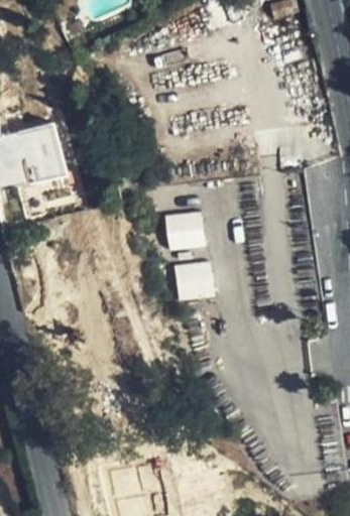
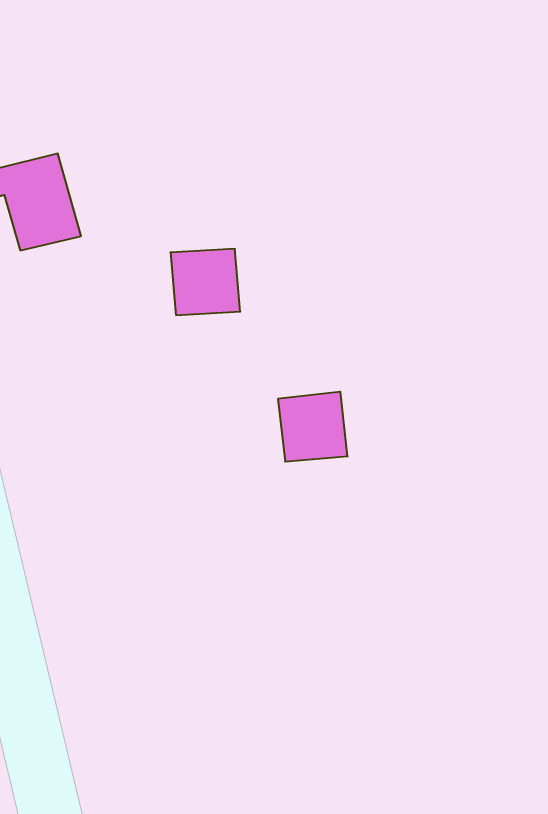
building: [164,213,204,250] -> [170,249,240,315]

